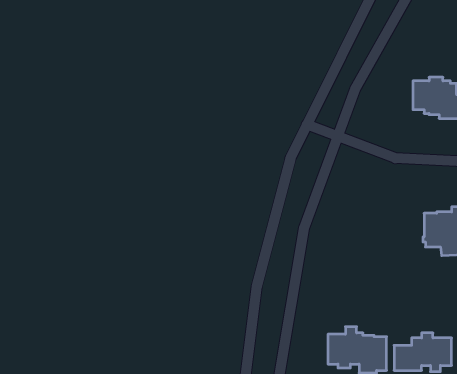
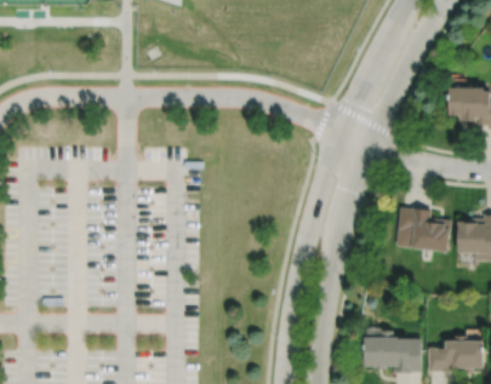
building: none -> [395,206,451,251]

